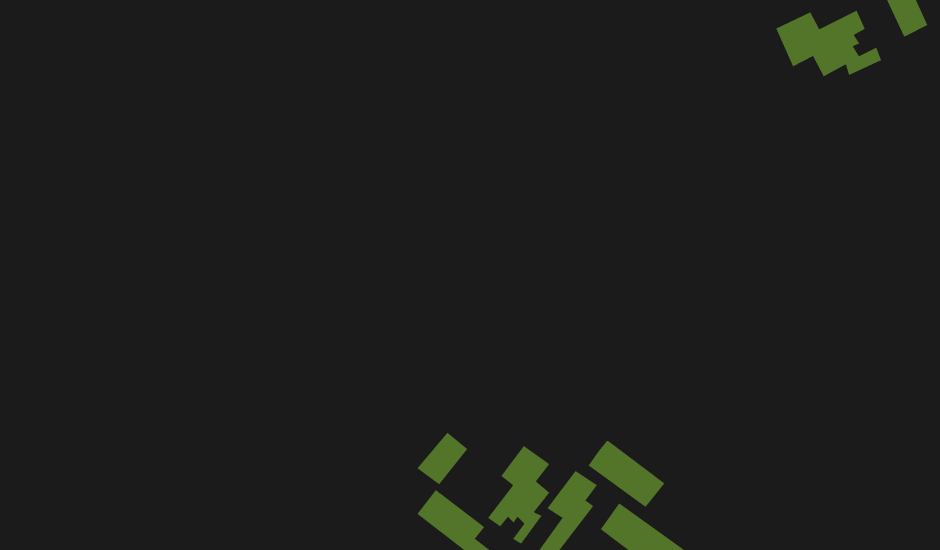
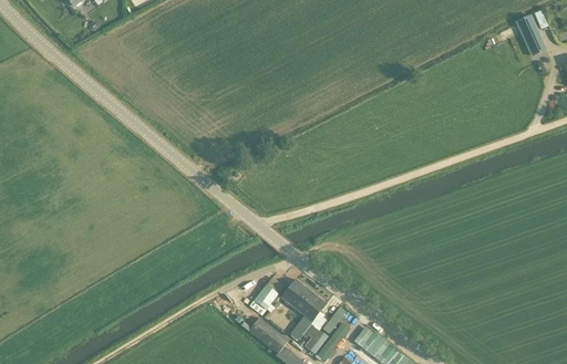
building: [775,10,882,77] -> none
building: none -> [281,280,310,310]
building: [588,440,665,508] -> none

